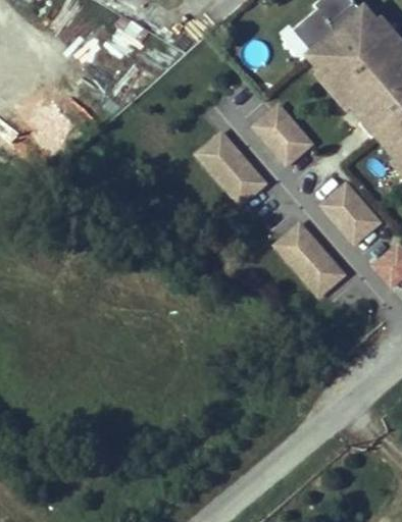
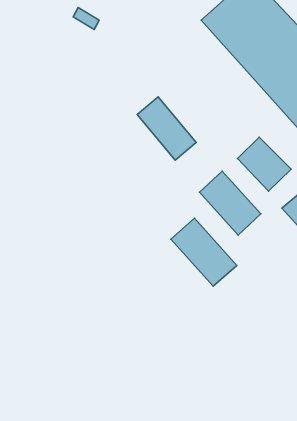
building: [252,99,316,164] -> none
building: none -> [171,218,237,286]

